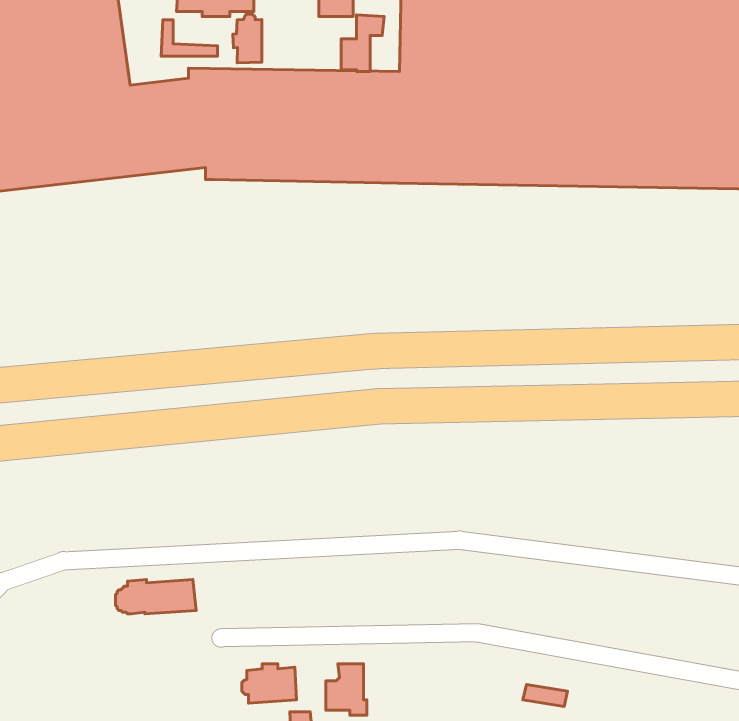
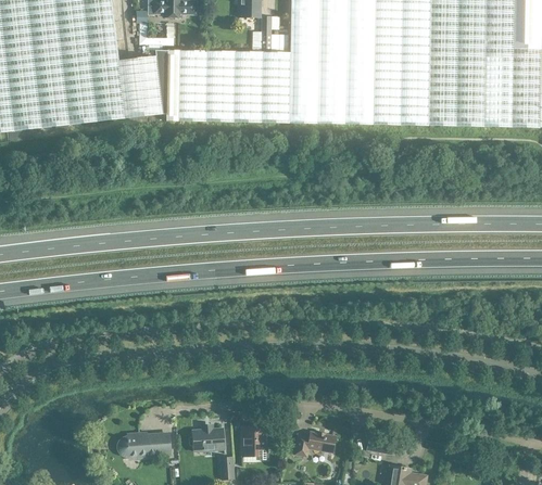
building: [233,14,262,63] -> none
building: [116,579,196,614] -> [119,434,171,456]
building: none -> [294,432,335,457]

